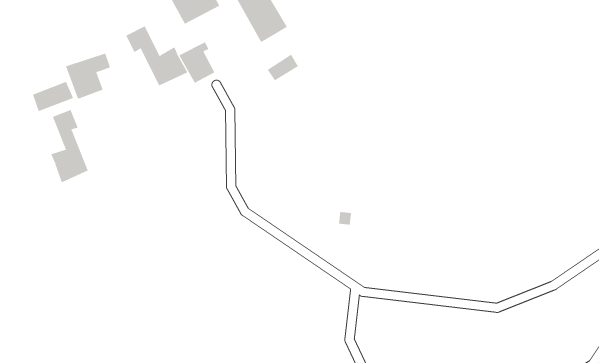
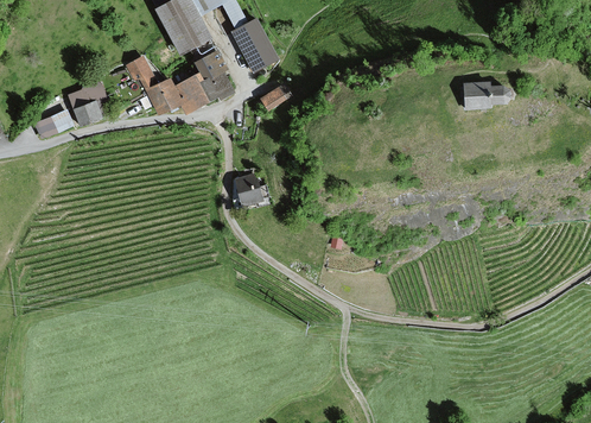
building: none -> [196,50,235,101]
building: none -> [457,81,509,108]
building: [50,109,88,183] -> none
building: none -> [235,173,262,206]

